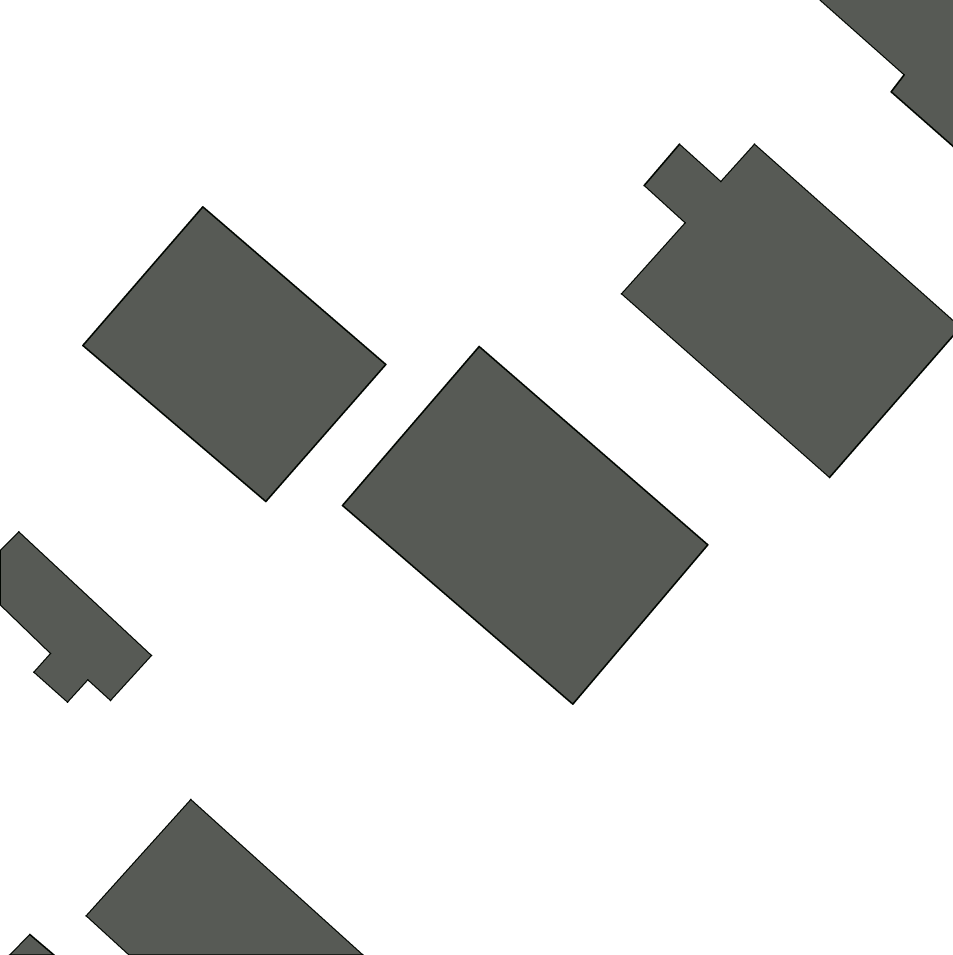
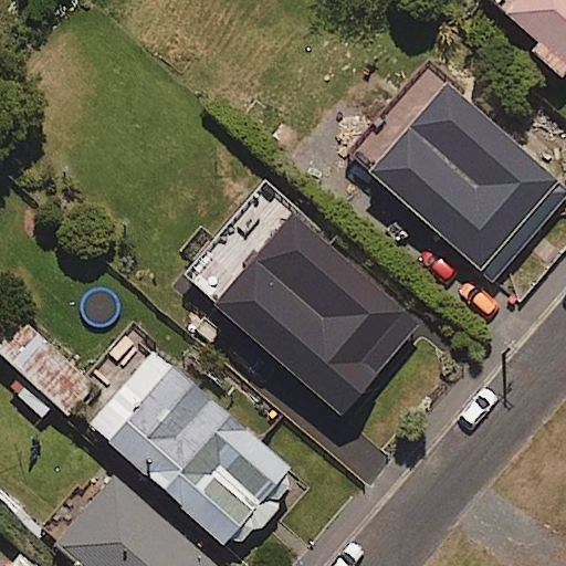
building: [83,207,386,502] -> none
building: none -> [90,352,302,556]

